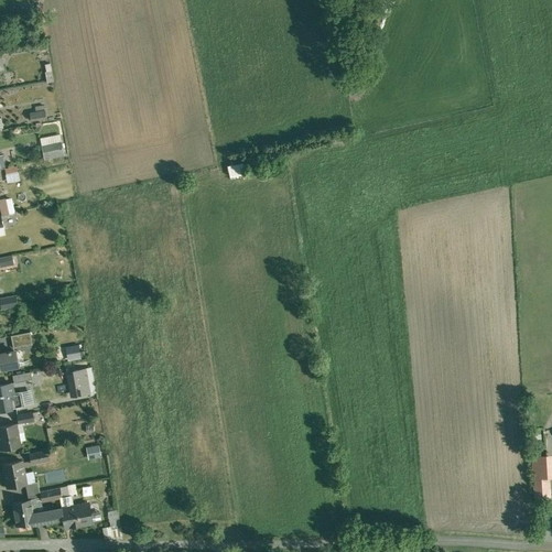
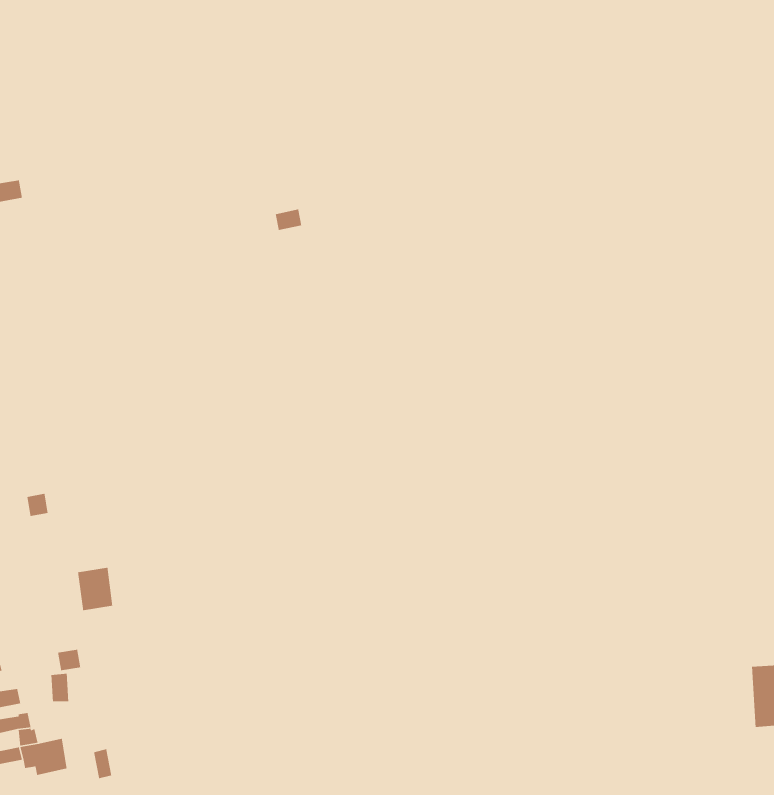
building: [67,369,90,398] -> [77,567,113,611]

